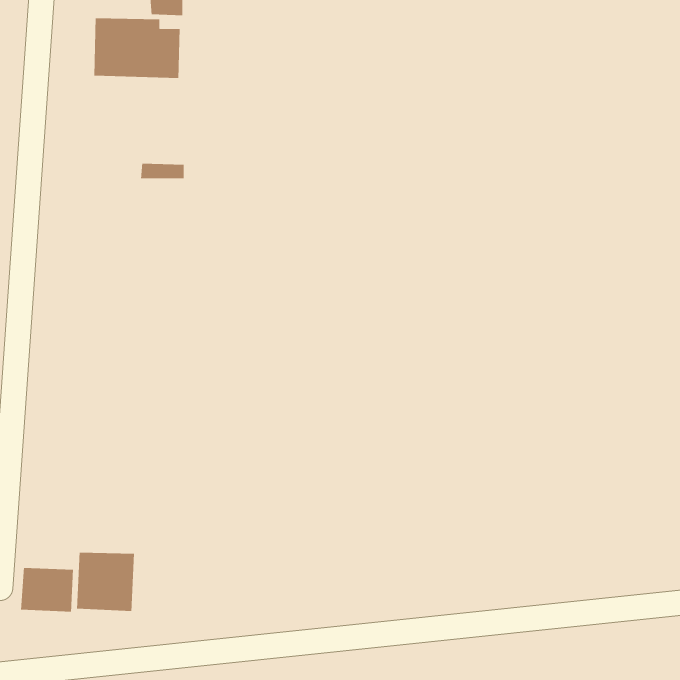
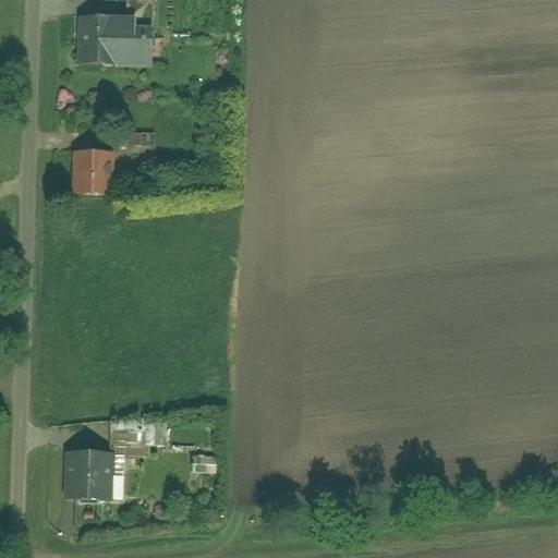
building: none -> [71,150,112,194]
building: [20,567,74,612] -> none

